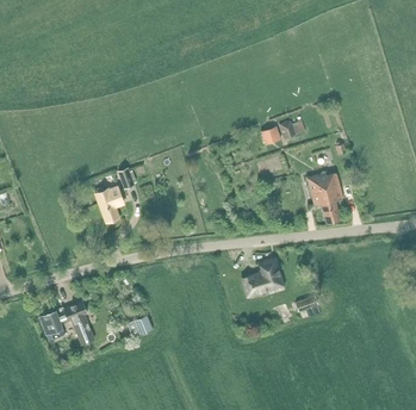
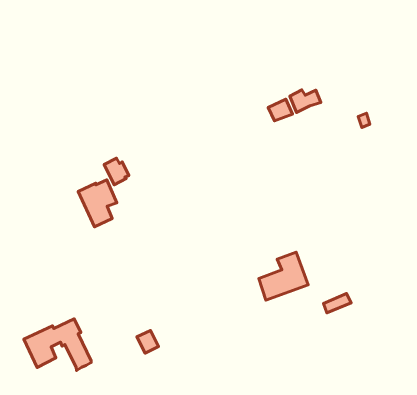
building: [306,173,342,224] -> none

